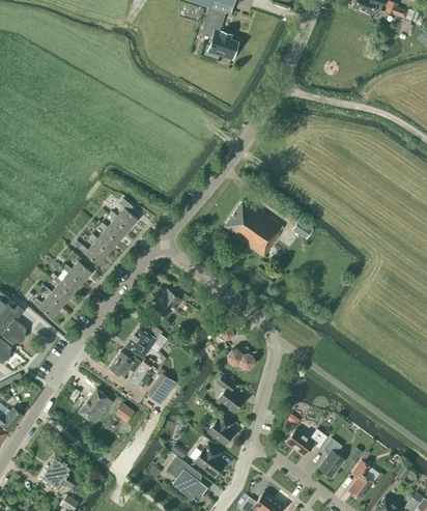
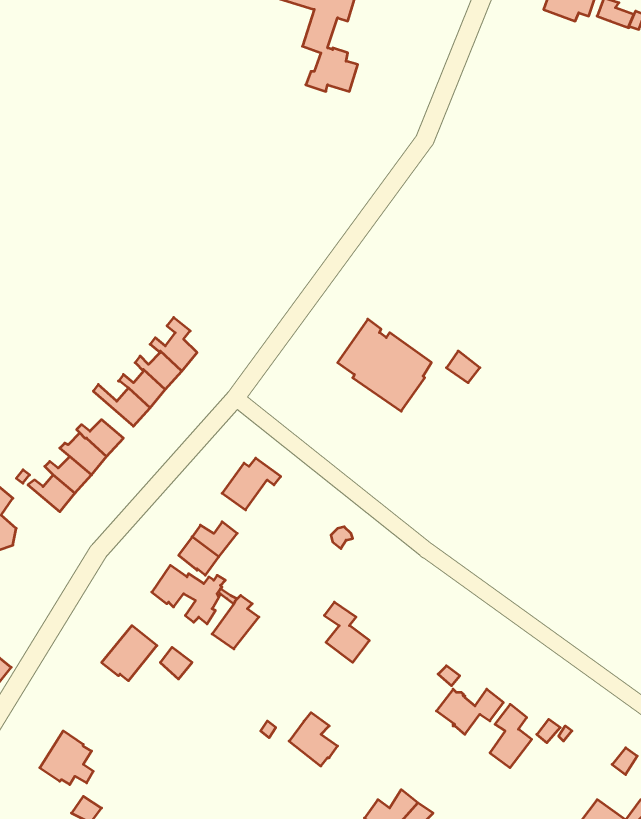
building: [228,348,255,369] -> none
building: [208,416,234,446] -> none
building: [166,457,208,503] -> none
building: [349,461,373,500] -> none

